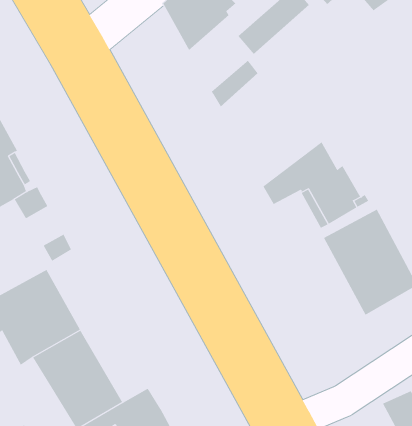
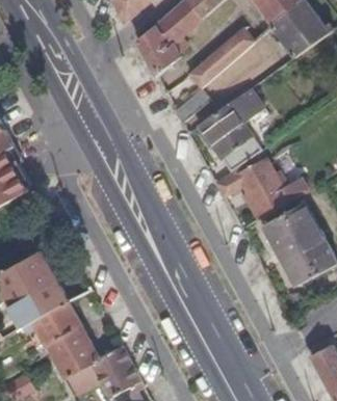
building: none -> [197,88,265,173]

